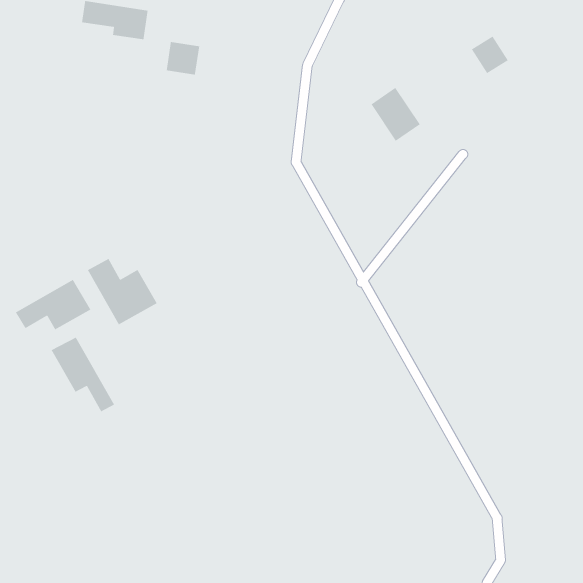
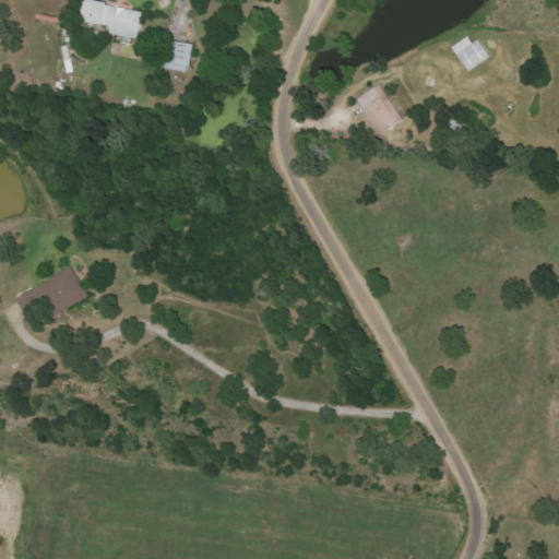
building: [87,258,158,325] -> none
building: [51,336,115,412] -> none

